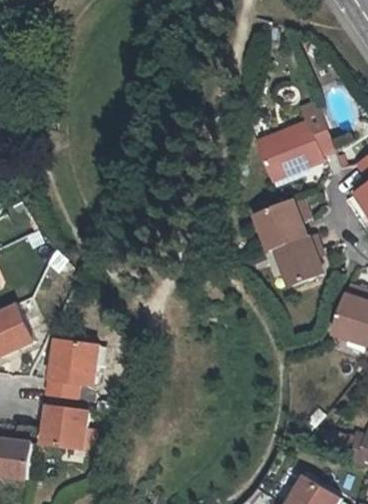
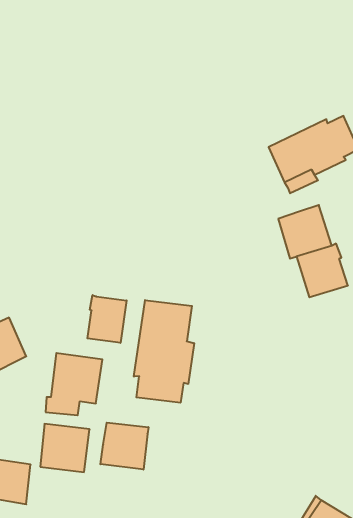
building: none -> [87,295,127,343]
building: none -> [134,300,194,403]
building: none -> [100,423,148,470]

